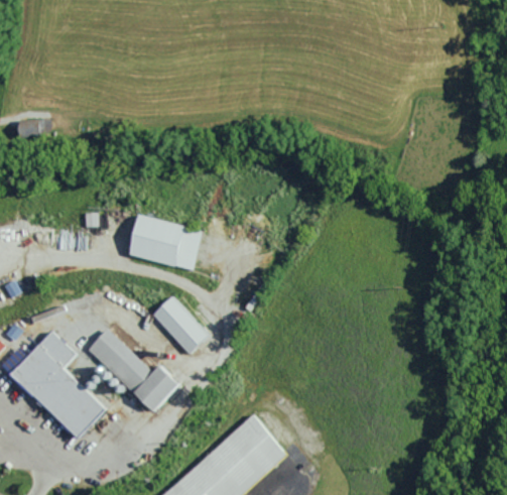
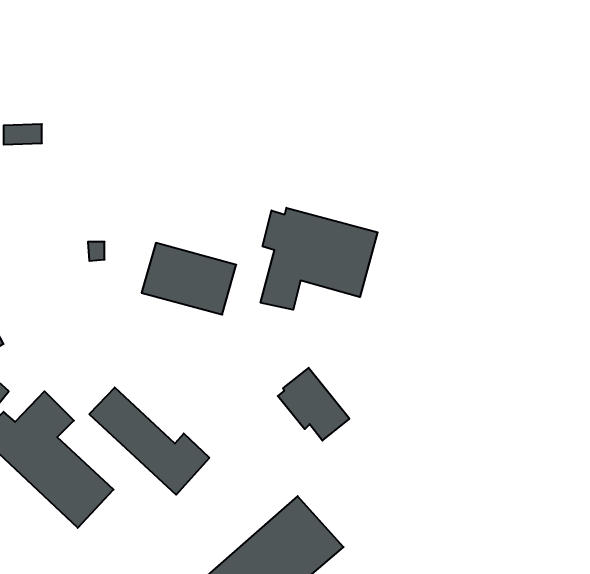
building: none -> [261,208,378,310]
building: [157,295,214,353] -> [278,368,349,441]

